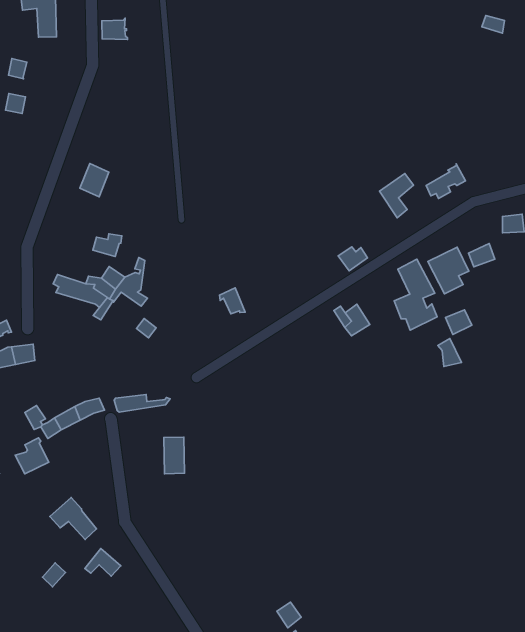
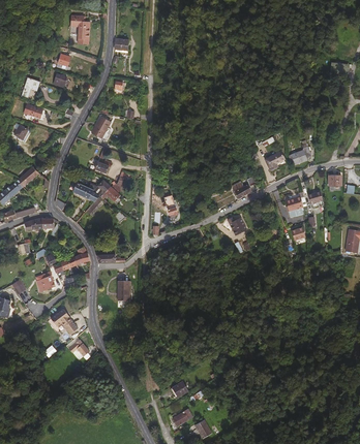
building: [394,259,437,330] -> none

